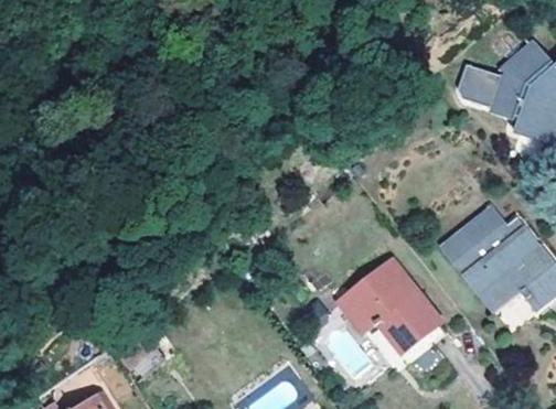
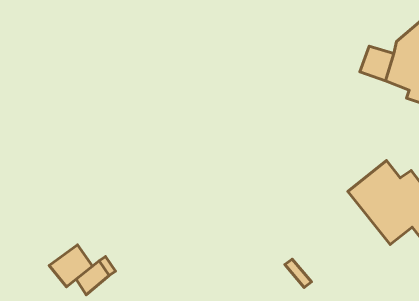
building: [342,261,440,349] -> none
building: none -> [49,245,92,287]

